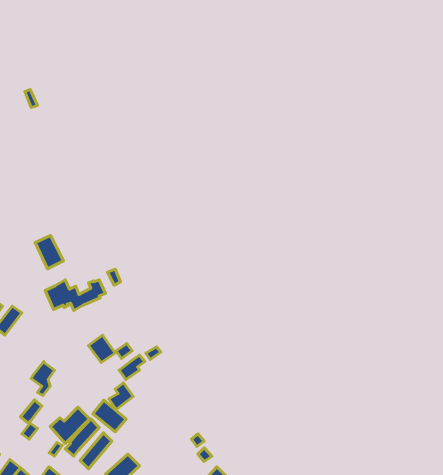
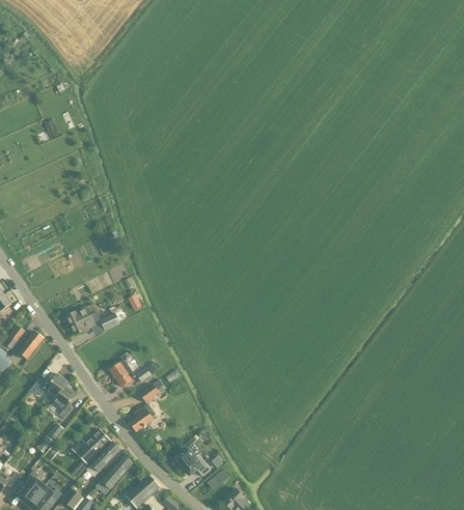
building: [35,236,64,269] -> none
building: none -> [28,373,69,397]
building: [93,400,126,432] -> none
building: none -> [175,451,211,475]

